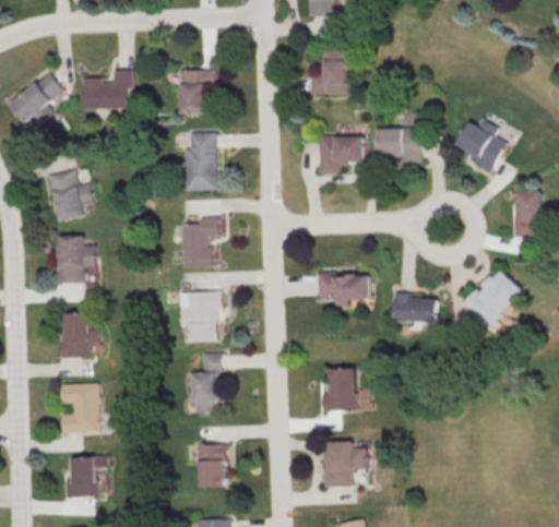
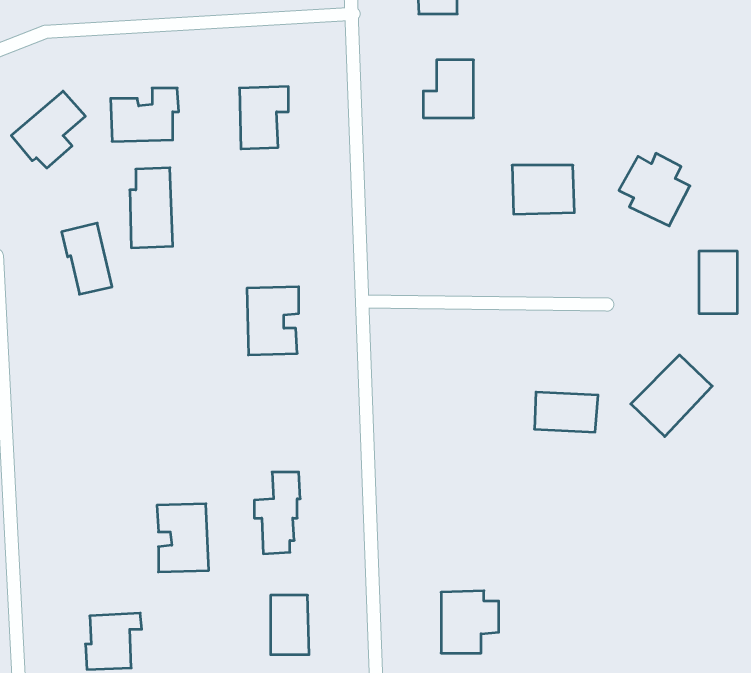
building: [183,132,215,191] -> [130,168,173,248]
building: [319,135,365,172] -> none
building: [52,236,93,284] -> none
building: [319,271,371,302] -> none
building: [179,291,222,343] -> none
building: [58,313,97,358] -> none
building: [324,367,358,410] -> none
building: [60,383,98,433] -> [157,504,209,572]

